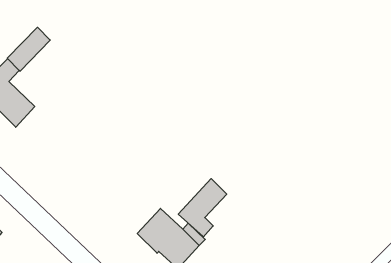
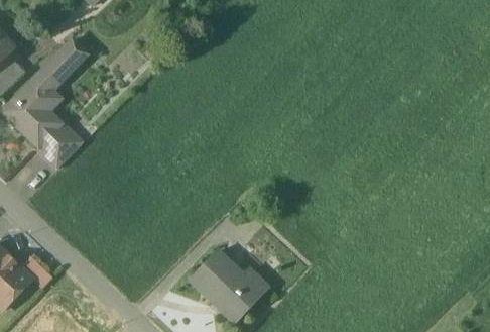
building: none -> [47,131,83,167]
building: [178,179,227,237] -> none

